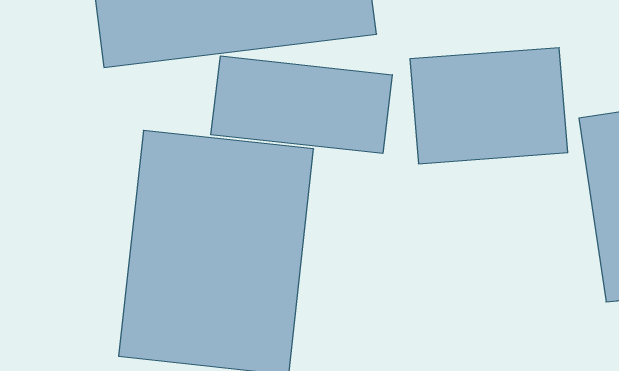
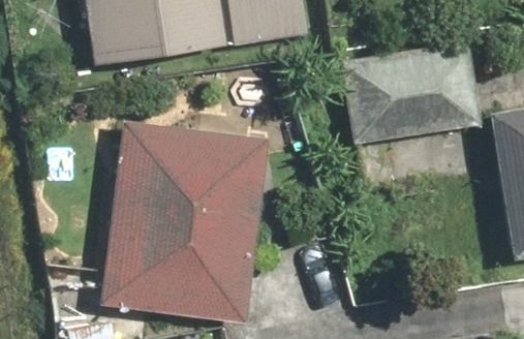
building: [211,56,392,153] -> none

